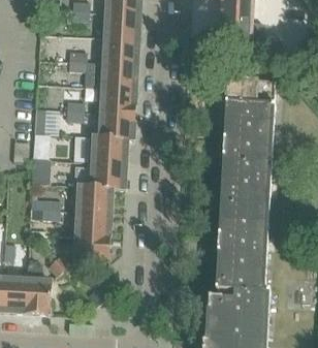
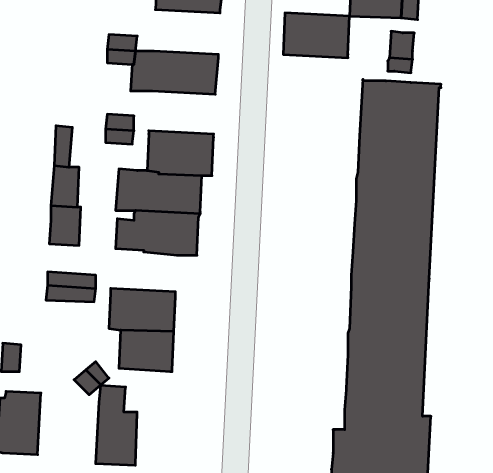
building: [97,35,138,63] -> [283,13,350,58]
building: [94,86,135,113] -> none
building: [70,184,112,211] -> none
building: [25,263,51,313] -> [96,385,137,465]

